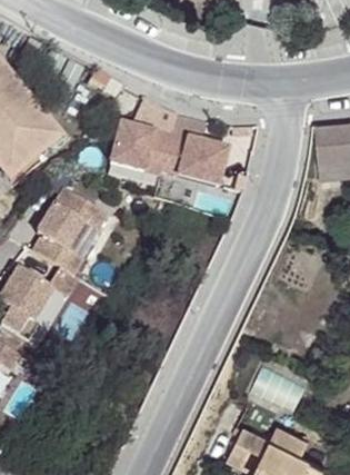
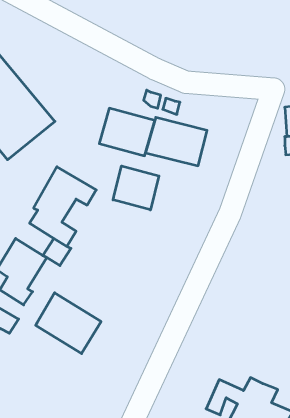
building: none -> [113,166,159,210]
building: none -> [36,293,101,354]

